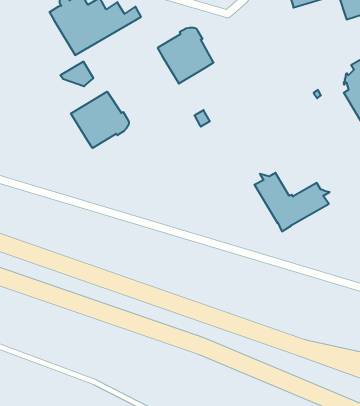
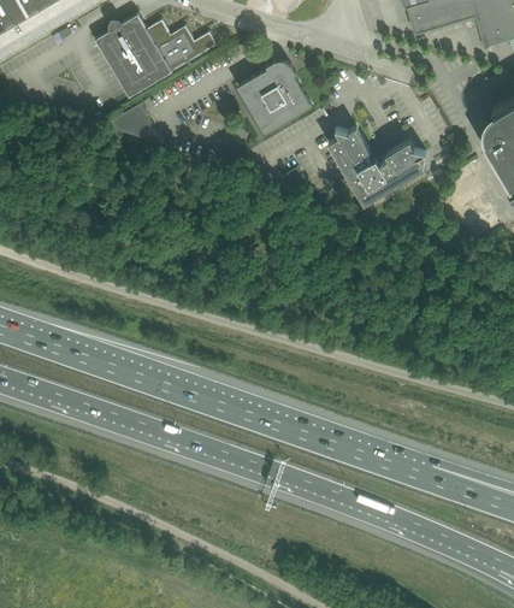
building: [71,92,129,148] -> none
building: [254,173,330,231] -> [327,128,426,205]

